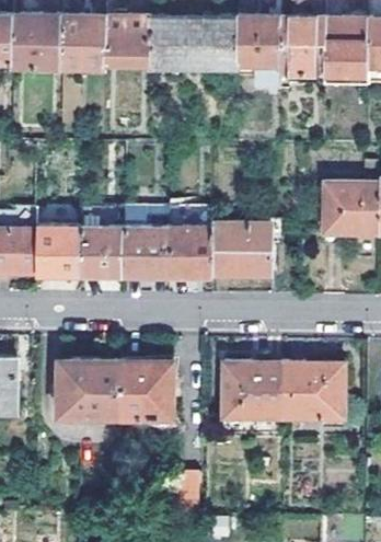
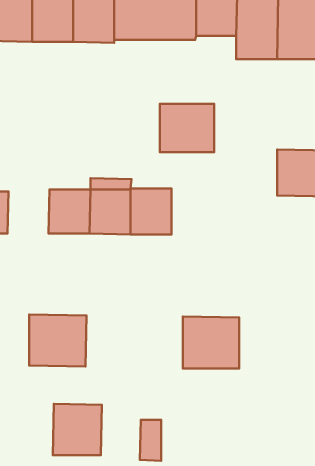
building: [211,222,269,274] -> [160,104,214,152]
building: [36,226,81,273] -> none
building: [119,360,172,415] -> [53,404,102,455]
building: [284,362,345,429] -> none

